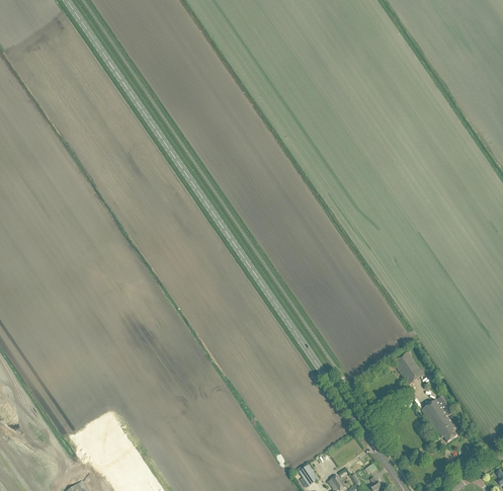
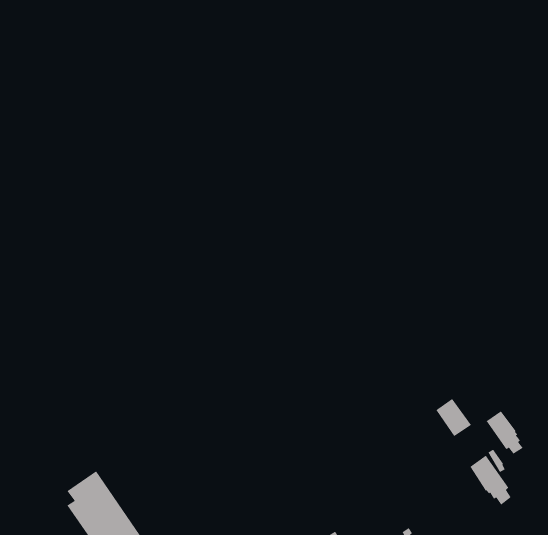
building: none -> [486,411,524,455]

